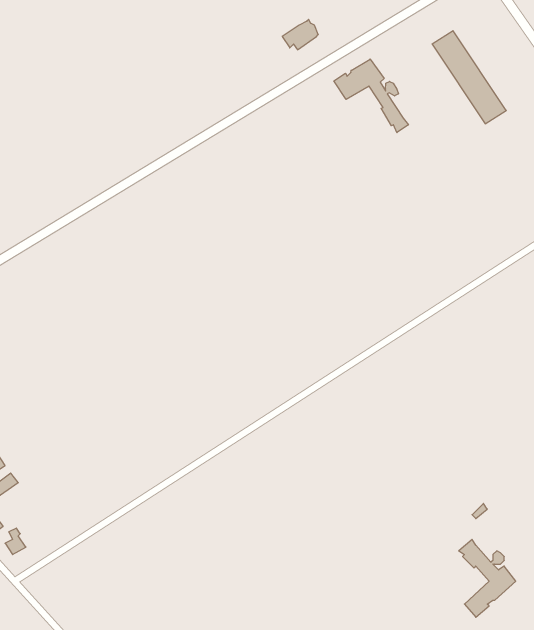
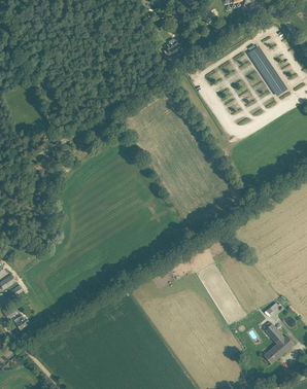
building: [334,59,408,133] -> none

